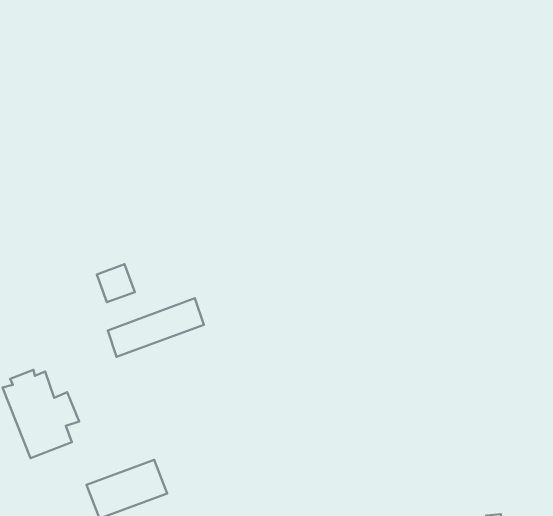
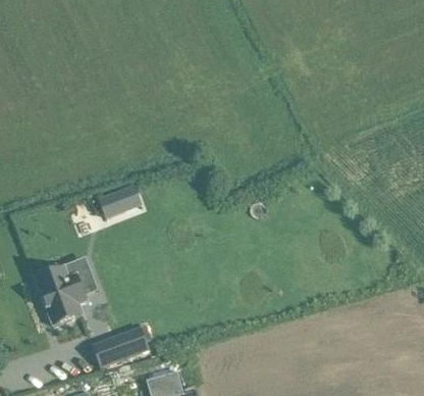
building: [108,298,204,357] -> none

